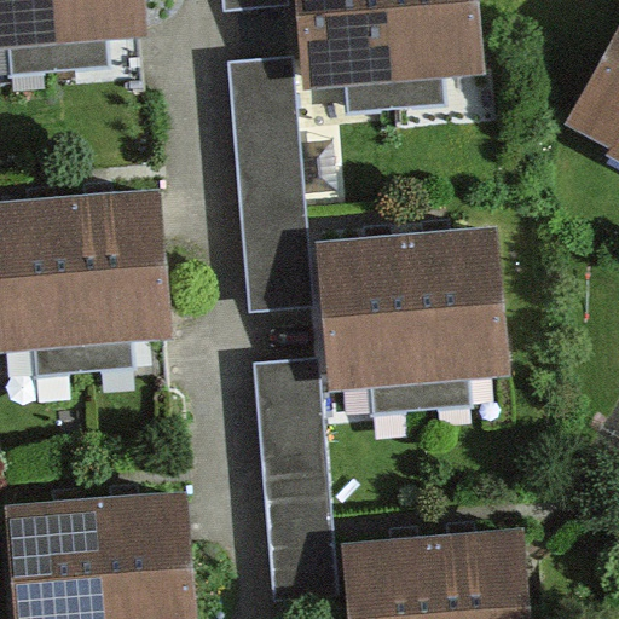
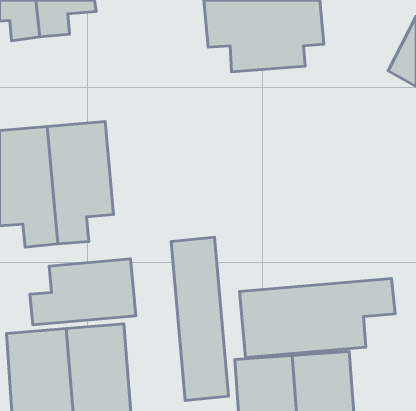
building: [230,60,310,312] -> none
building: [320,220,509,412] -> none
building: none -> [30,259,136,325]
building: none -> [240,279,395,358]

